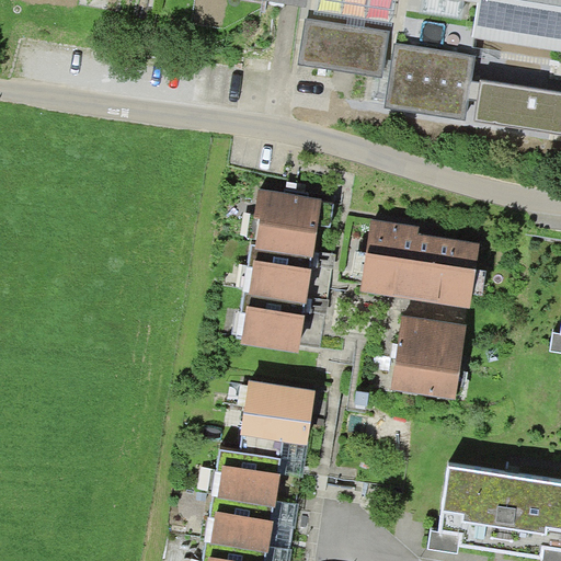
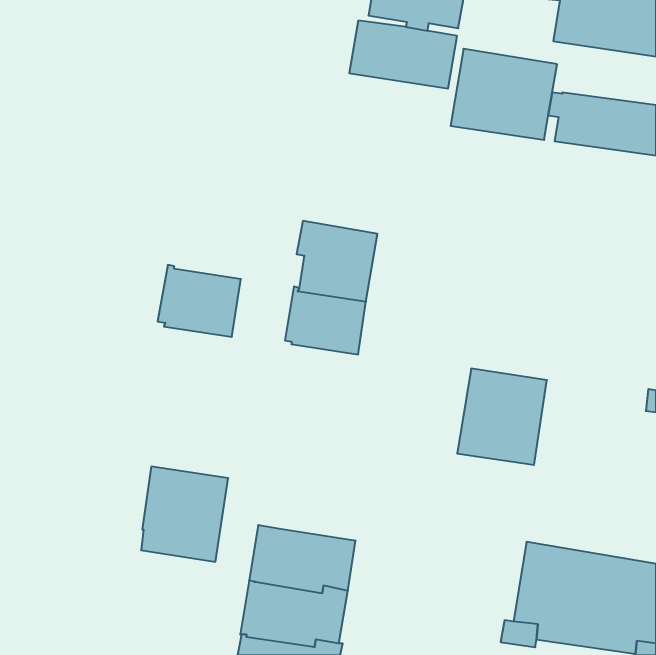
building: [360,218,479,307] -> none
building: [234,290,306,352] -> [158,265,241,337]
building: [240,380,314,461] -> [141,467,228,562]

